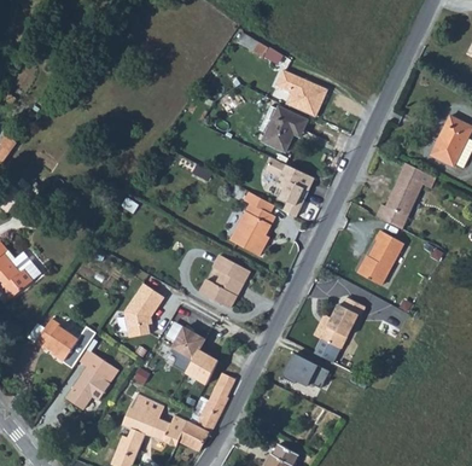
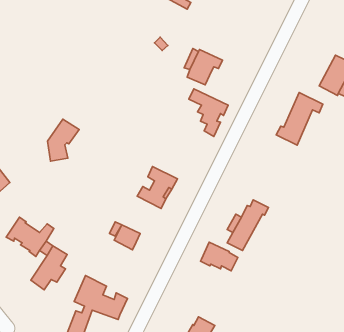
building: [279,70,331,118] -> none
building: [231,191,275,256] -> none
building: [359,231,403,285] -> none
building: [124,285,164,338] -> [48,119,79,161]
building: [186,350,218,385] -> none
building: [179,373,234,452] -> none

